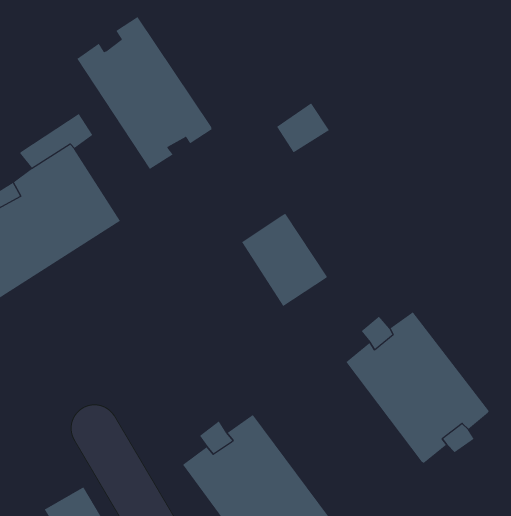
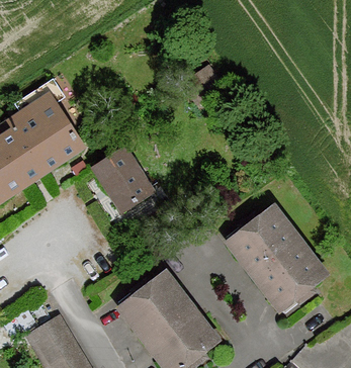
building: [77,16,212,170] -> none
building: [241,213,327,307] -> [95,153,152,214]

